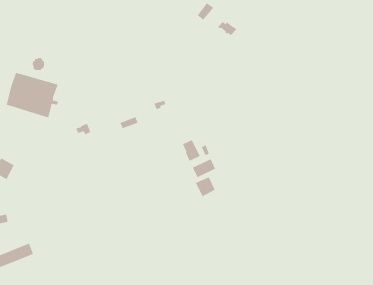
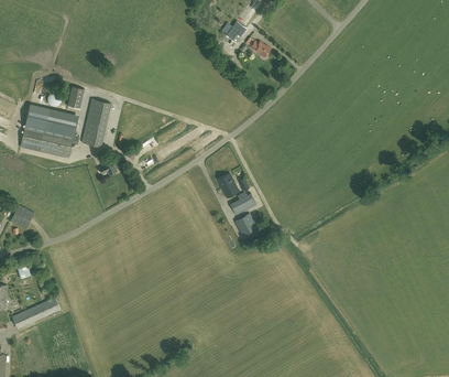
building: none -> [83,97,111,146]

